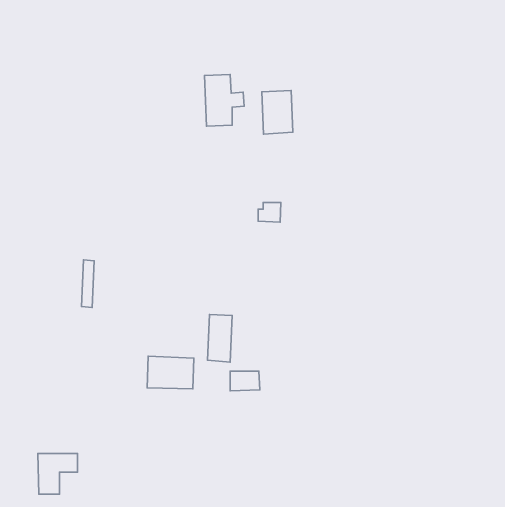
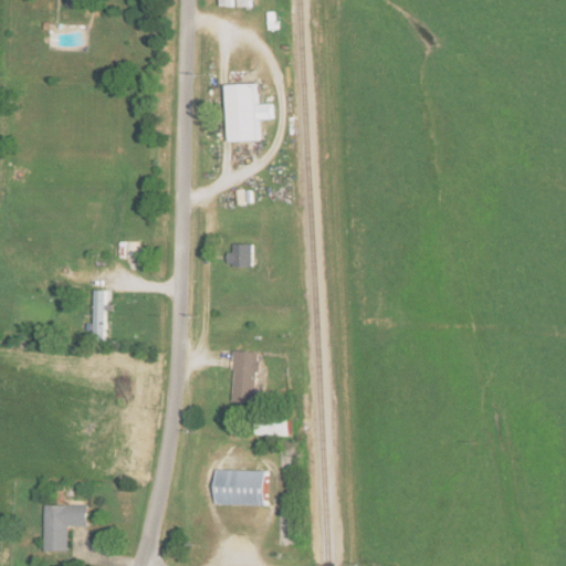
building: [262,91,293,134] -> none
building: [258,202,281,222] -> [226,243,251,265]
building: [147,356,194,389] -> [216,469,268,505]

